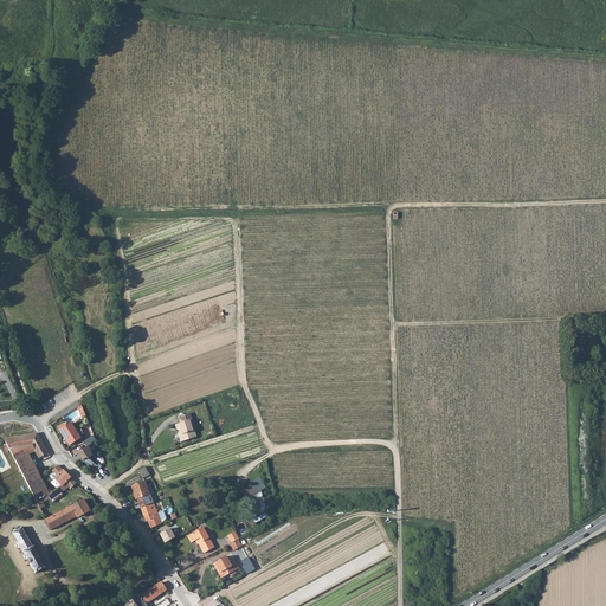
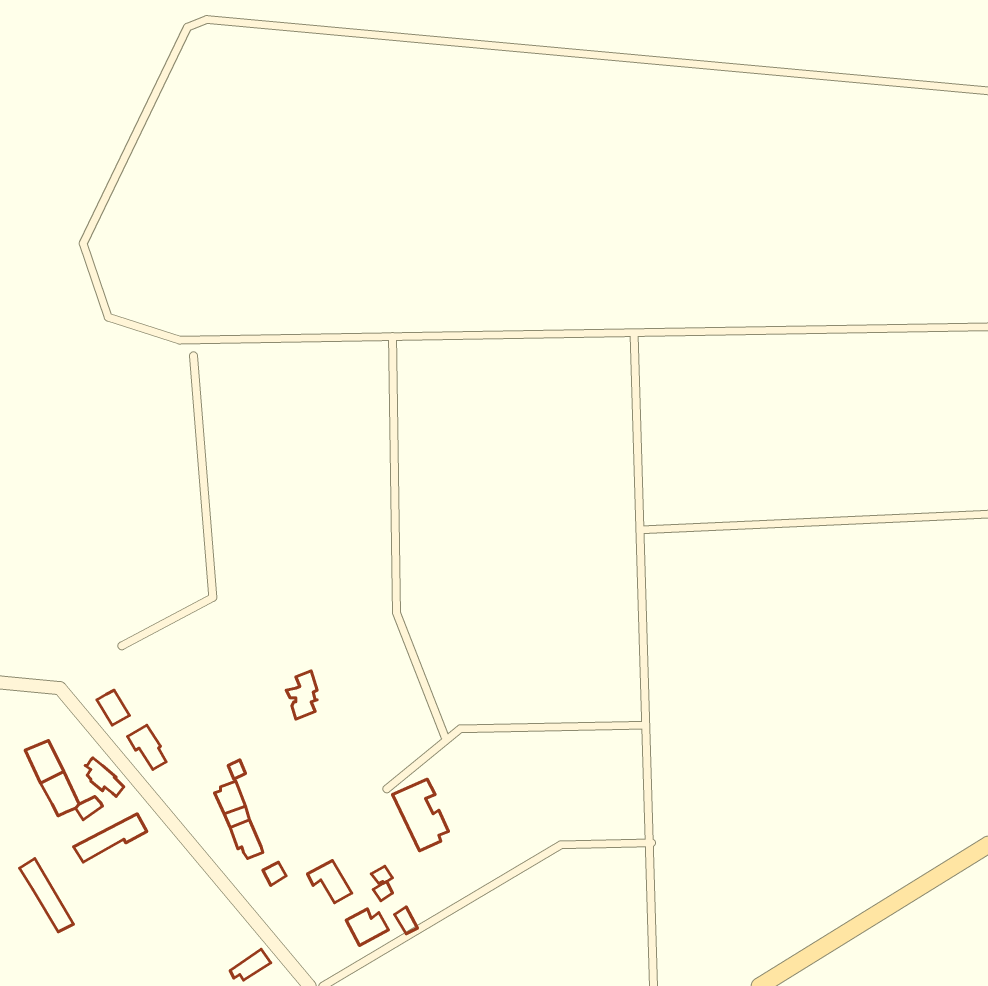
building: [5,432,49,459] -> none

